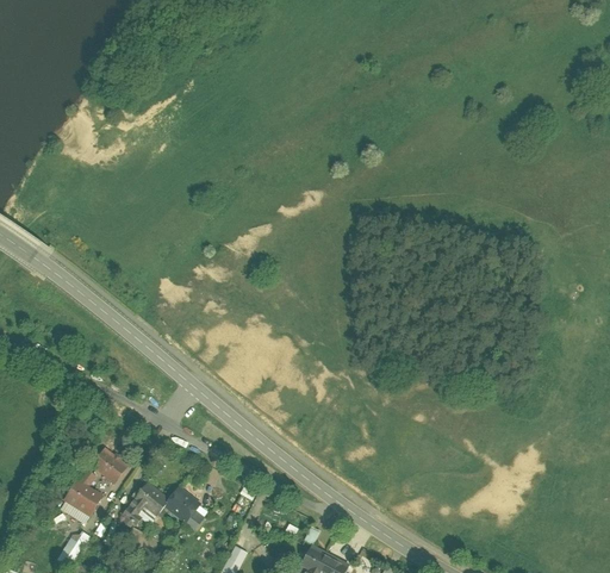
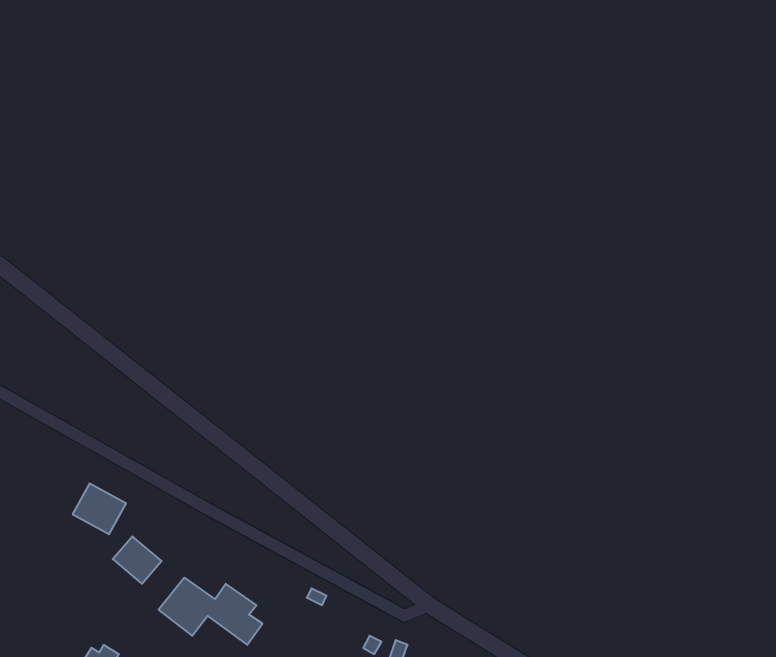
building: [63,477,105,516] -> [73,484,126,534]

